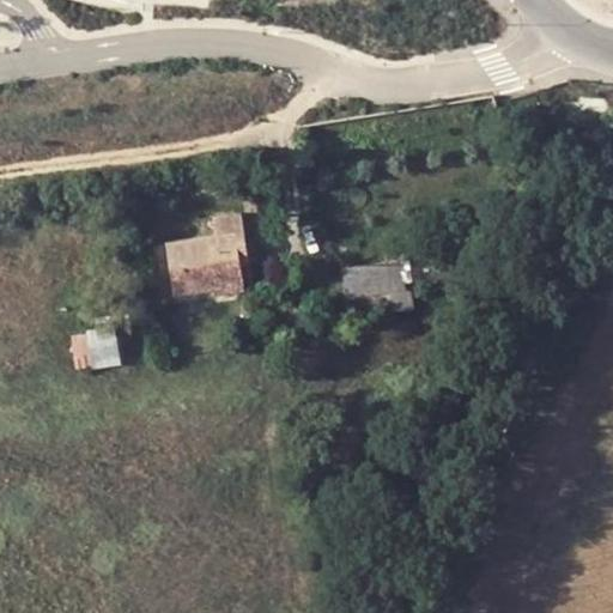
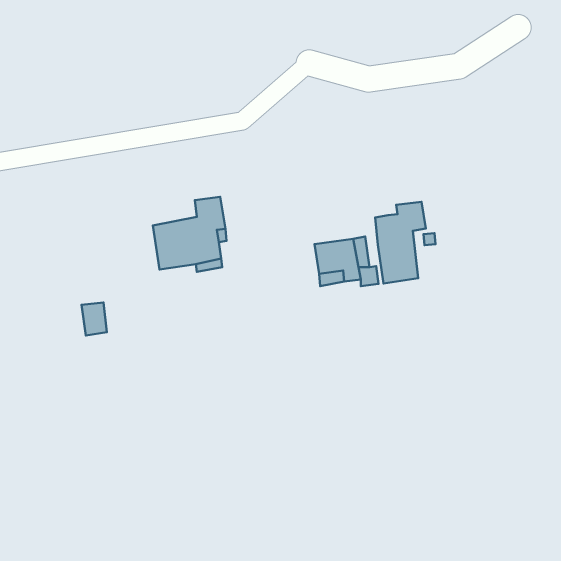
building: none -> [375,202,426,283]

